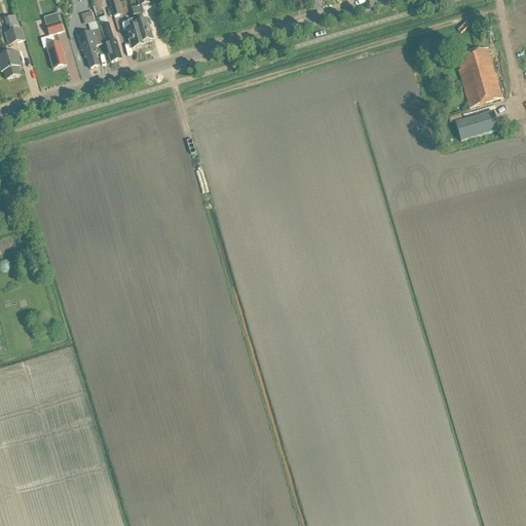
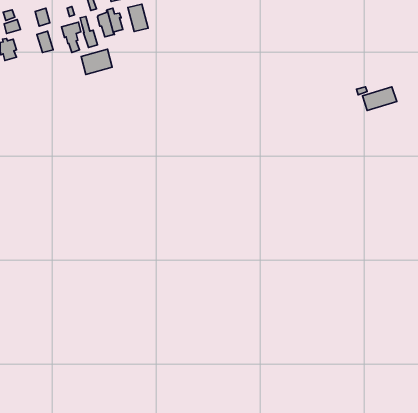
building: none -> [128,4,148,31]
building: [457,45,502,106] -> none
building: none -> [81,49,112,74]

